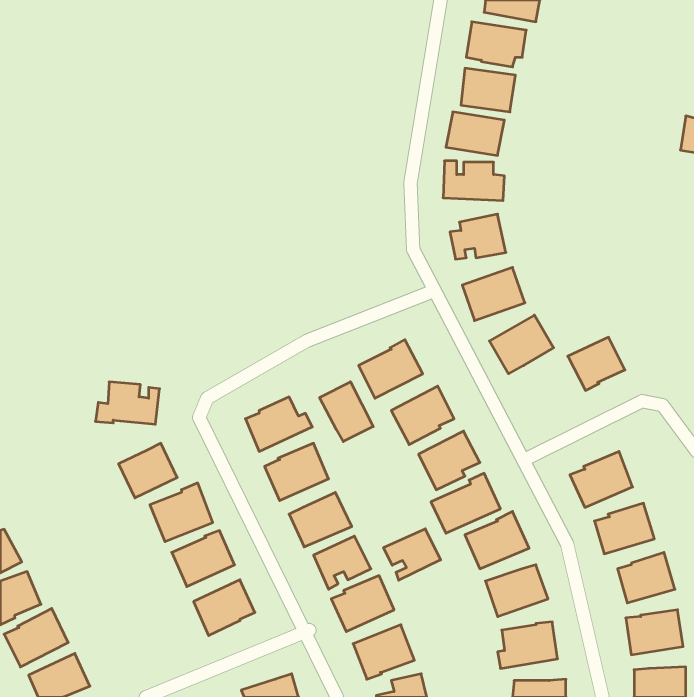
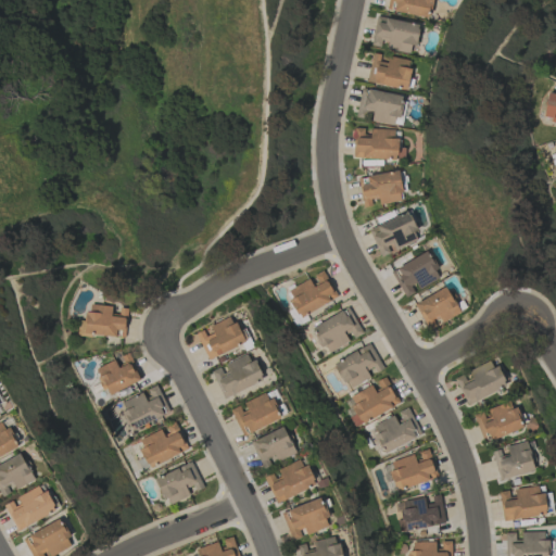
building: [568,337,625,390] -> [416,288,462,330]
building: [320,382,373,442] -> none
building: [384,529,441,580] -> none

